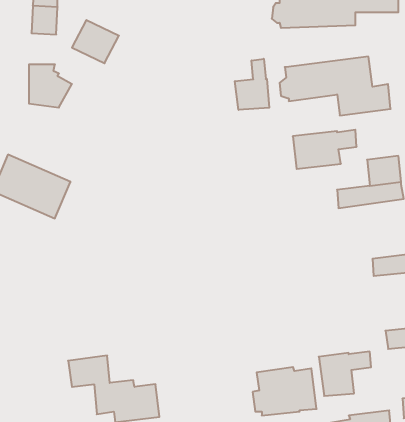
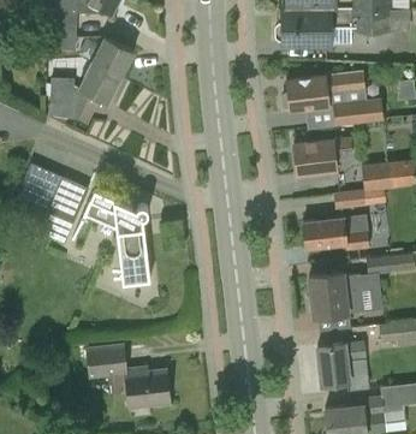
building: none -> [77,63,120,105]
building: [235,59,269,110] -> none
building: none -> [84,192,150,286]
building: none -> [303,218,370,250]
building: [253,367,317,415] -> [305,273,364,317]

